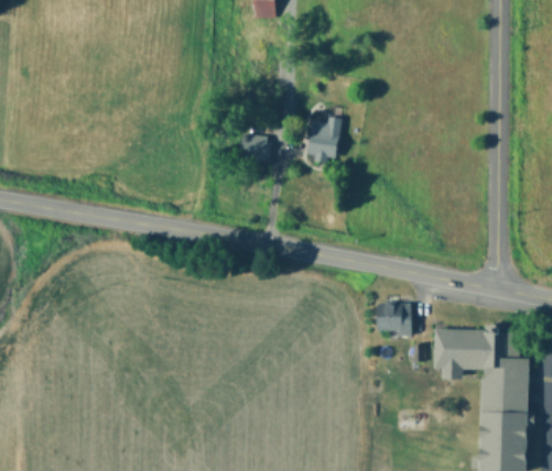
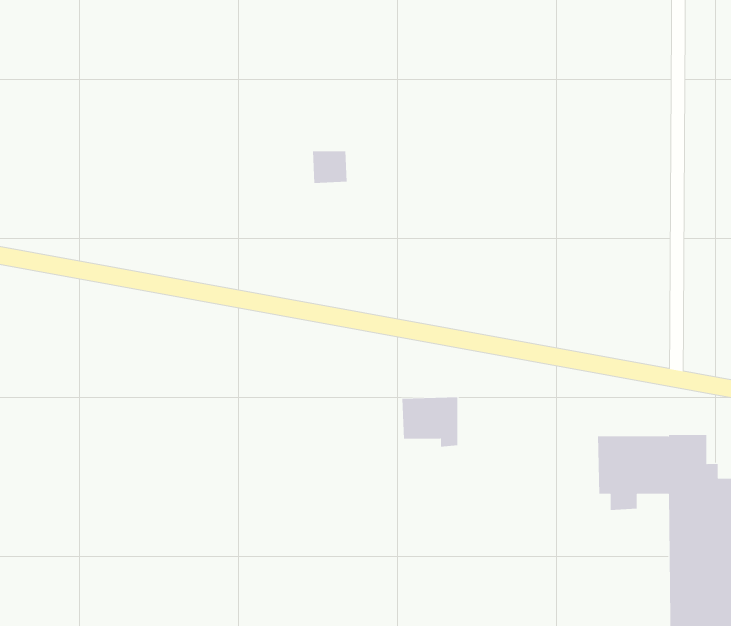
building: [309,117,339,164] -> none
building: [371,302,410,336] -> [401,397,458,447]

